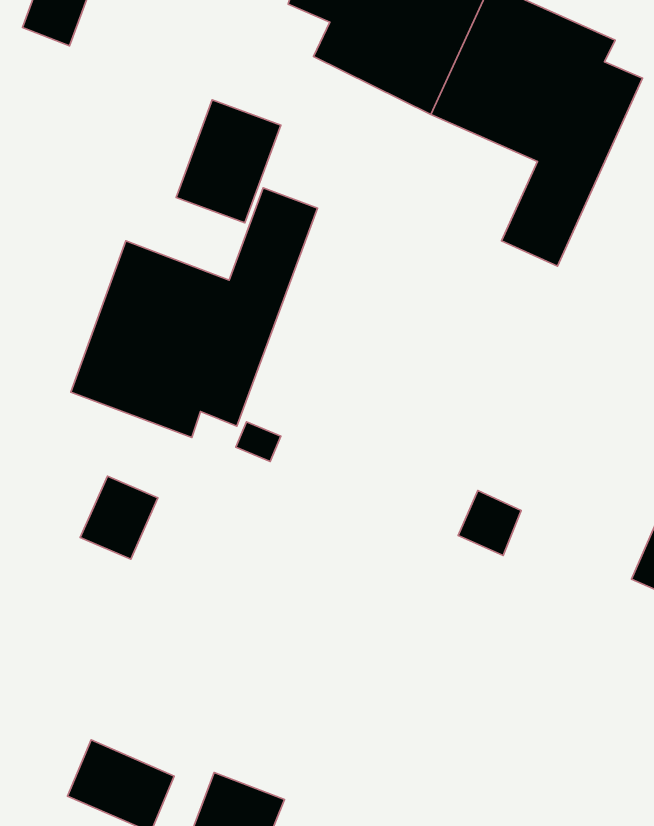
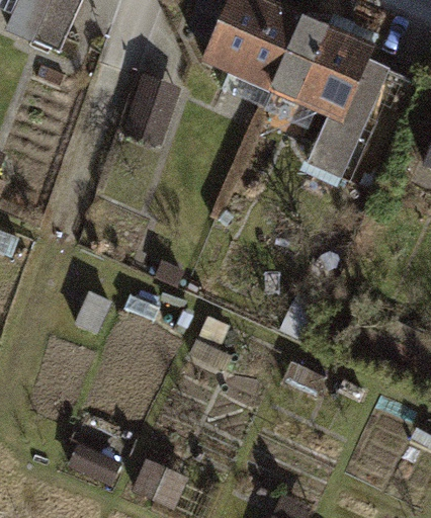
building: [71,188,318,438] -> none

